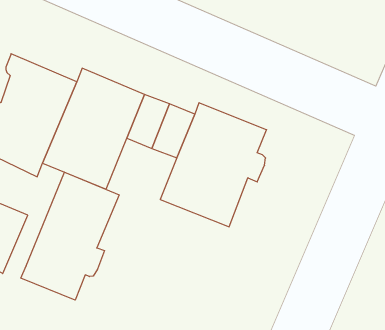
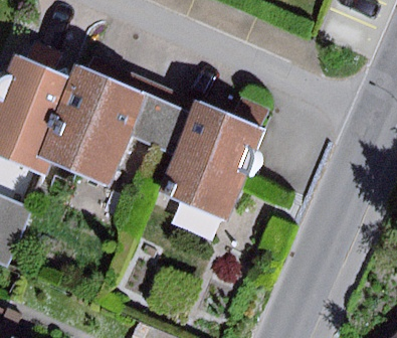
building: [21,172,119,300] -> none

